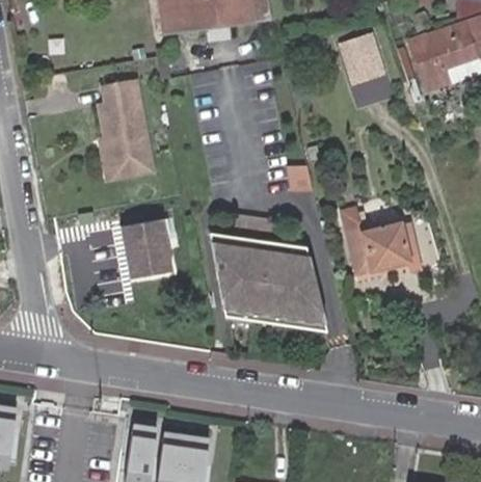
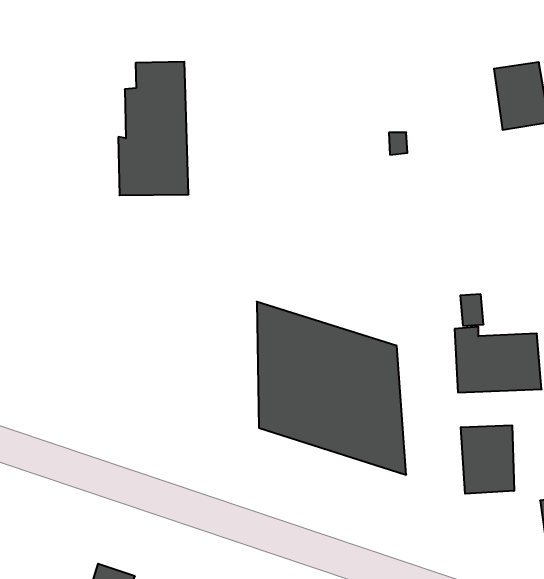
building: [122,218,175,277] -> none
building: none -> [461,425,514,494]

